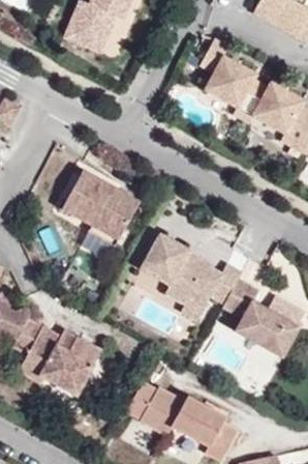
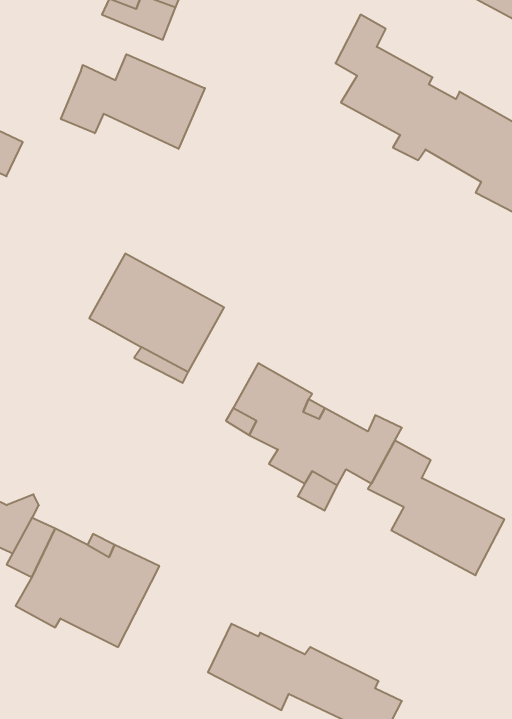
building: none -> [61,54,205,149]

